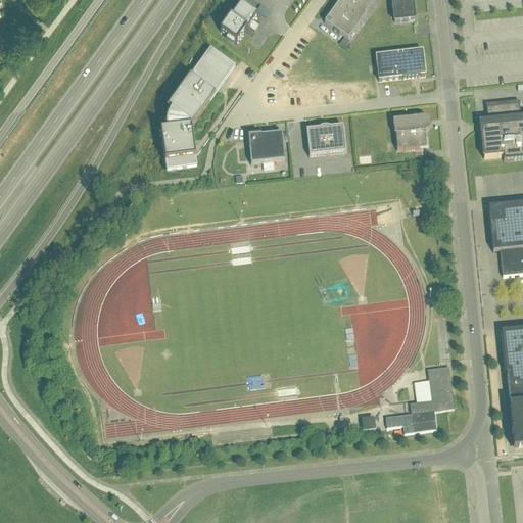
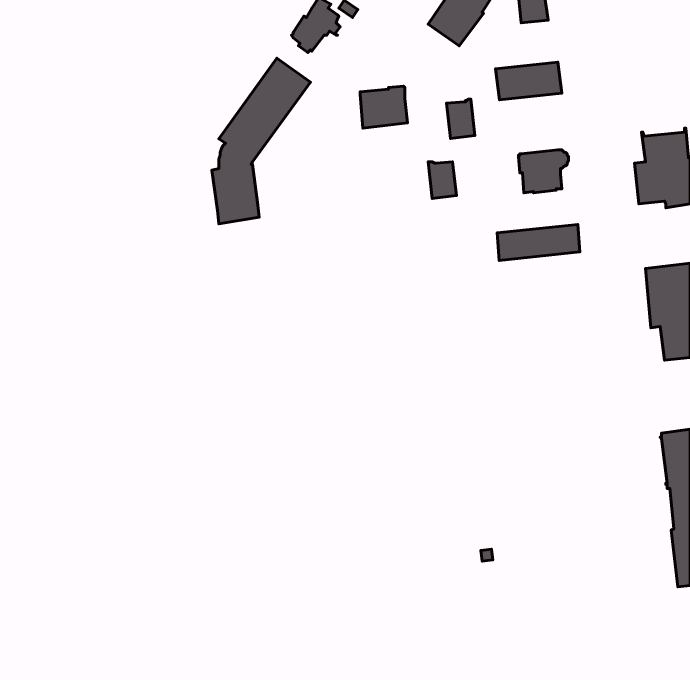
building: [305,123,327,152] -> [447,99,475,138]
building: [248,129,284,160] -> [360,86,407,128]
building: none -> [497,224,580,260]
building: [385,364,454,431] -> none

